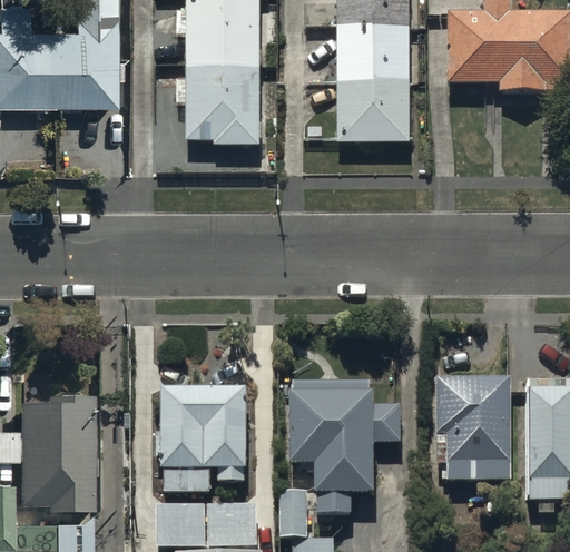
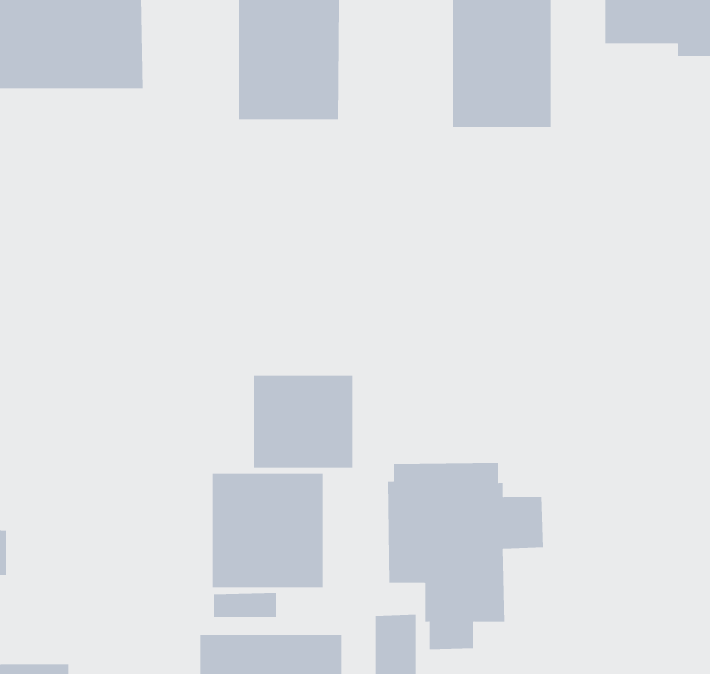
building: none -> [254,375,353,468]
building: [435,377,510,482] -> none
building: [19,392,98,513] -> none

